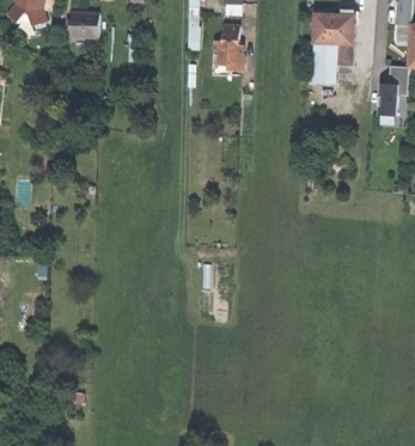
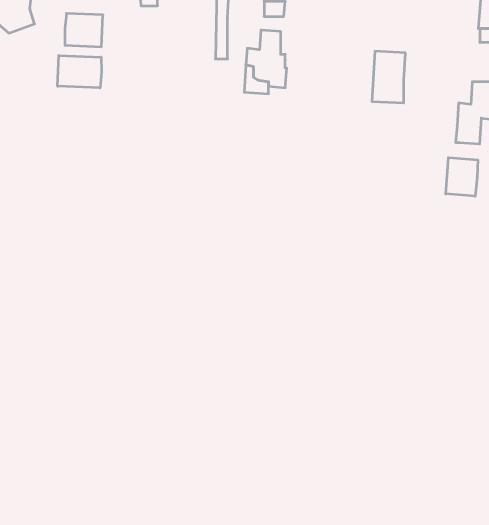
building: [313,13,355,65] -> none
building: none -> [58,55,102,88]
building: none -> [446,158,478,196]

